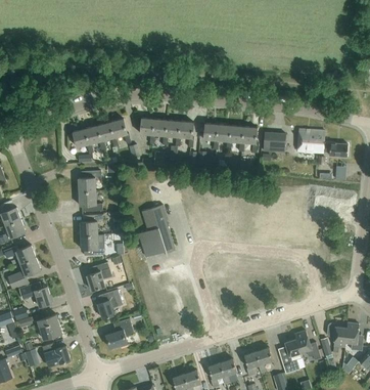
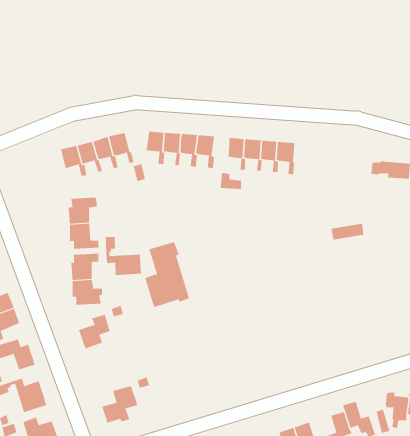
building: [297,130,324,153] -> none
building: [263,132,285,153] -> none
building: none -> [105,236,141,276]
building: [97,291,122,319] -> none

